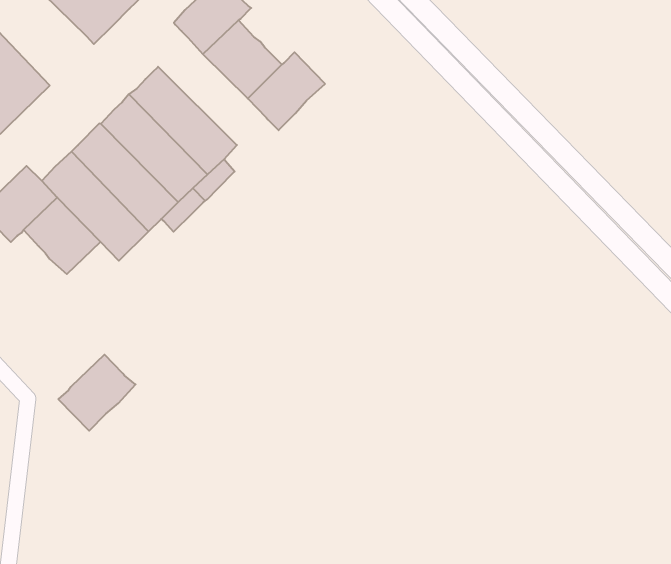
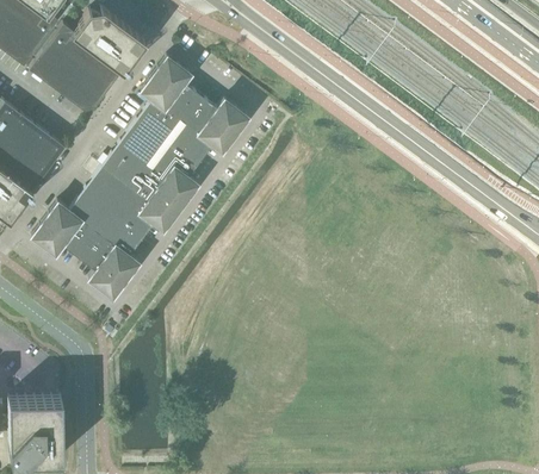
building: none -> [135,100,212,167]
building: [58,355,136,431] -> [88,245,138,298]

